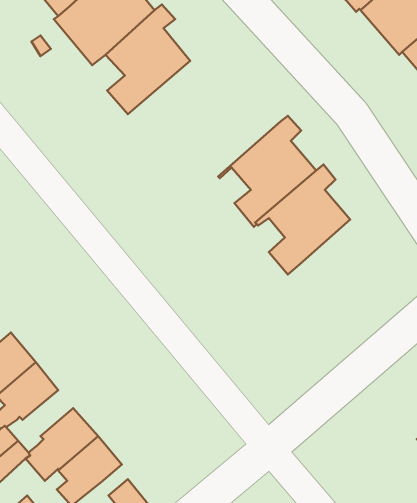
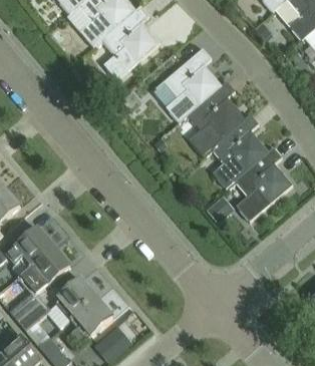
building: none -> [151,46,220,120]
building: none -> [225,145,291,220]

